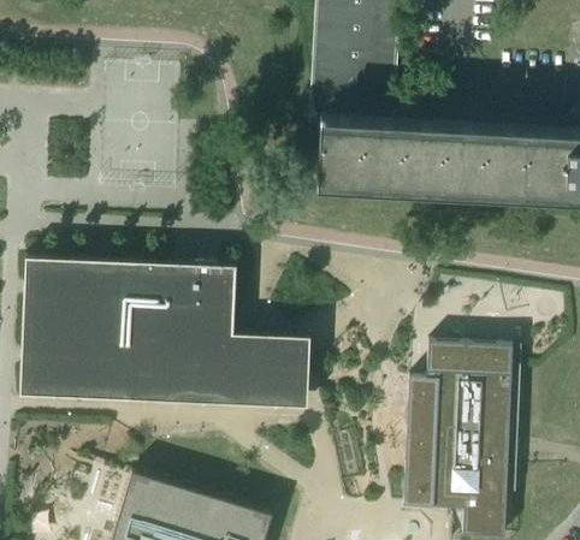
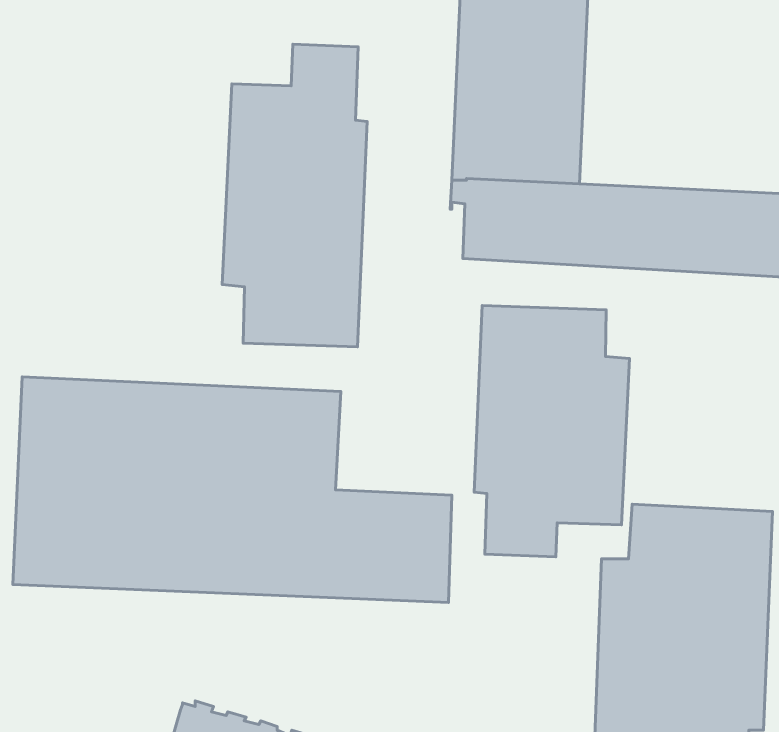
building: none -> [222,44,367,347]
building: none -> [474,306,629,557]

